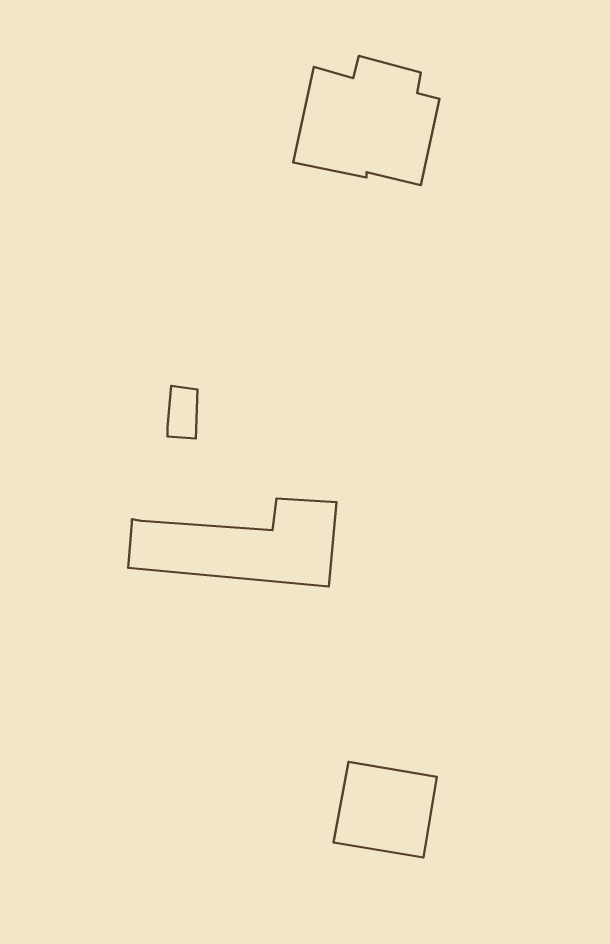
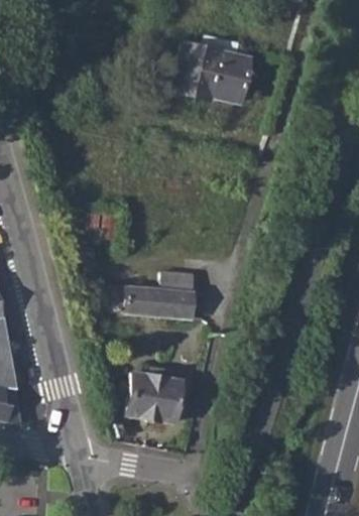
building: [334,762,437,857] -> [126,372,182,423]

